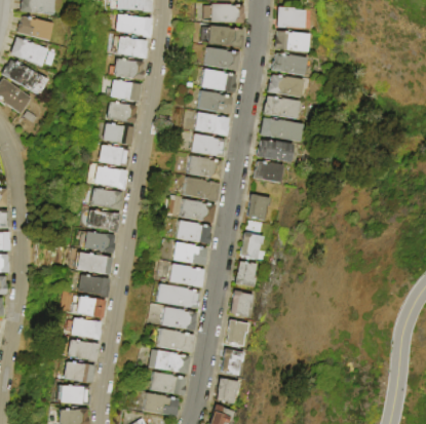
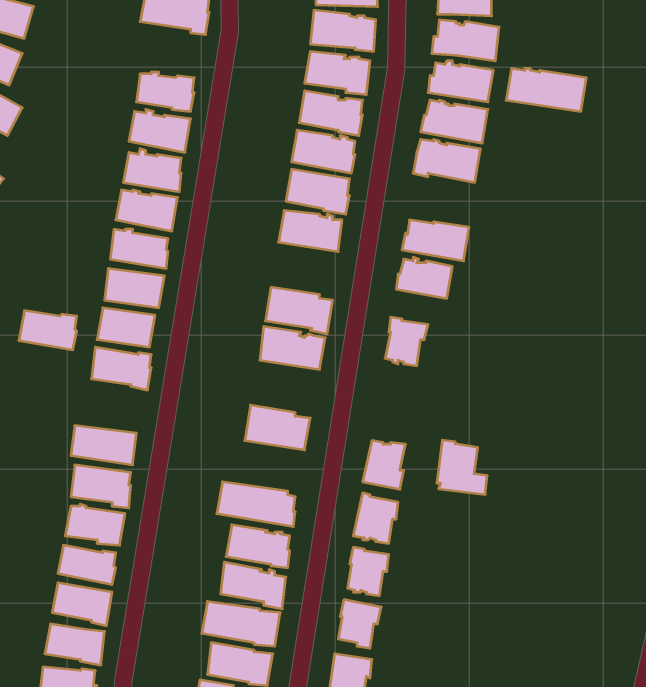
building: [114,36,146,59] -> none
building: [260,118,304,142] -> [506,68,586,111]
building: [186,155,221,180] -> none
building: [175,220,210,243] -> none
building: [82,232,114,254] -> [19,311,77,350]
building: [241,232,269,262] -> [437,440,487,494]
building: [167,264,203,287] -> none

